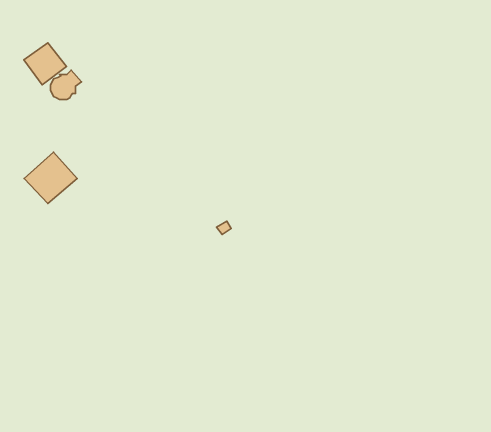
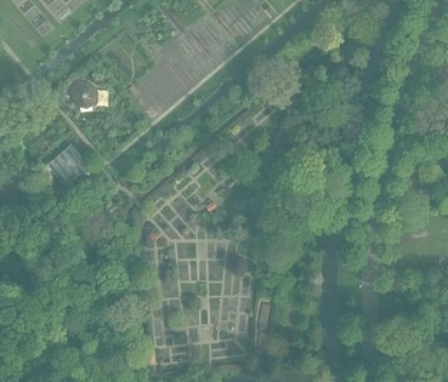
building: [24,43,67,85] -> none

